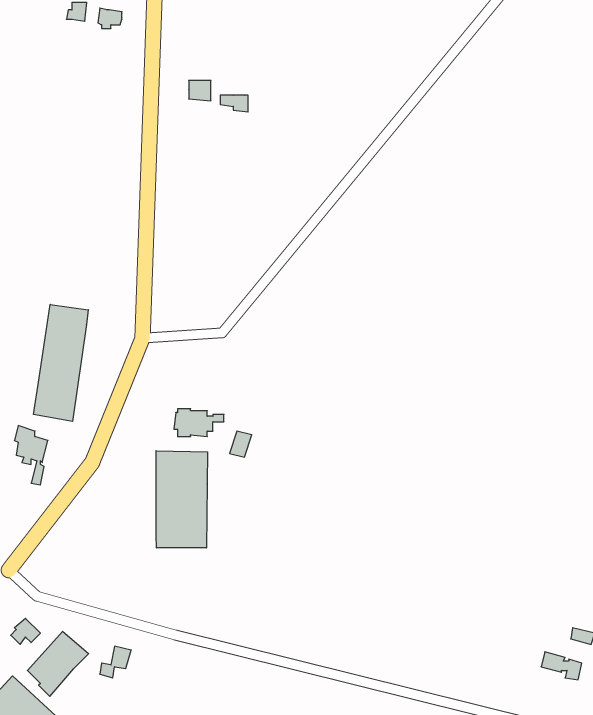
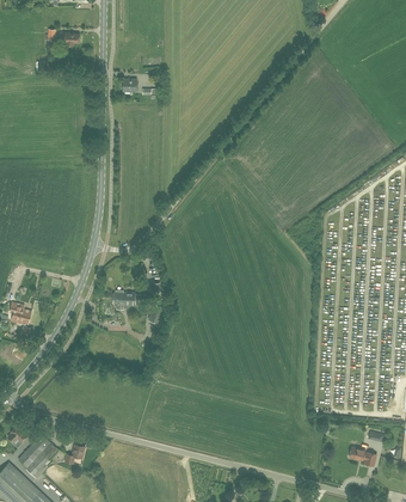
building: [34,304,88,421] -> none
building: [156,451,207,548] -> none

